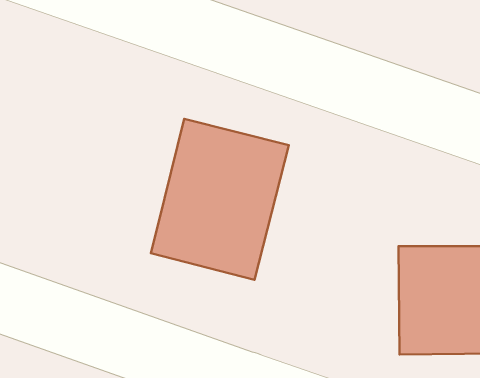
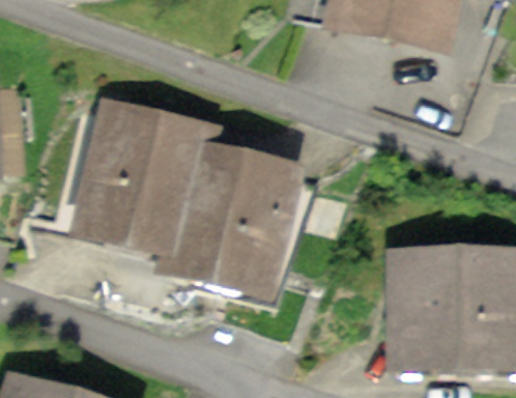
building: none -> [86,104,208,240]

